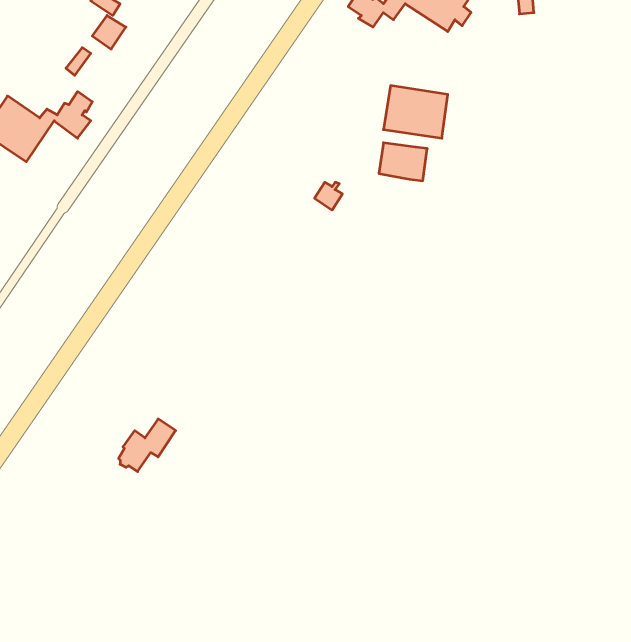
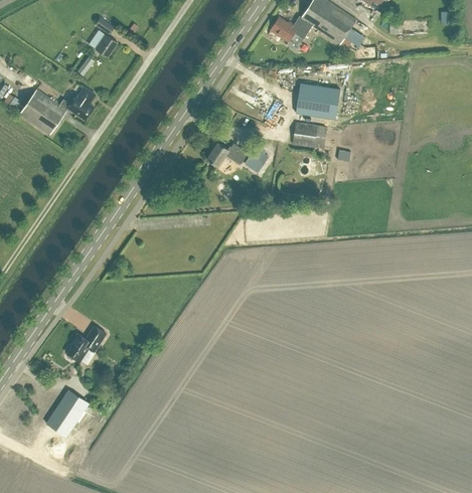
building: none -> [206,142,248,166]
building: [119,419,176,472] -> [66,325,106,361]
building: none -> [46,389,89,436]

